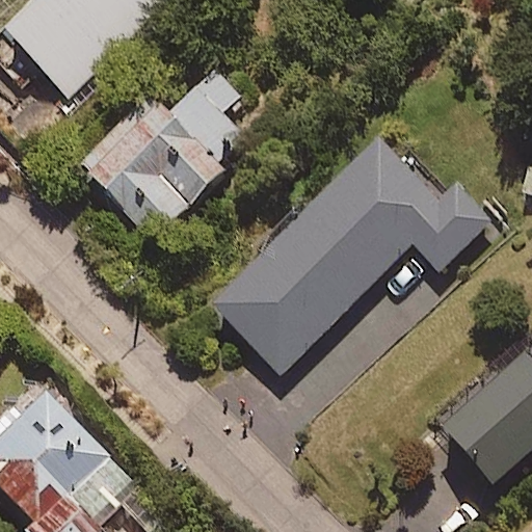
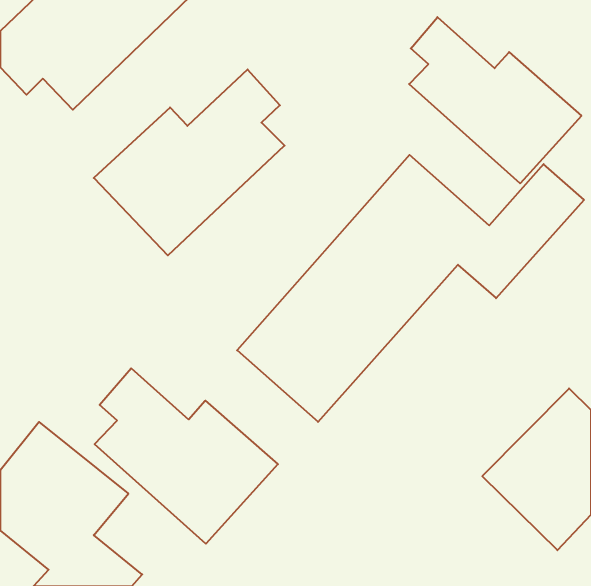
building: none -> [409,17,581,183]
building: none -> [95,368,278,544]

